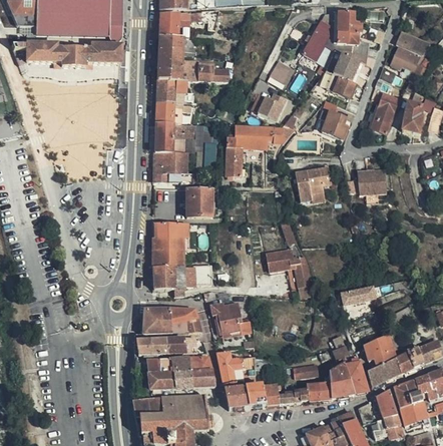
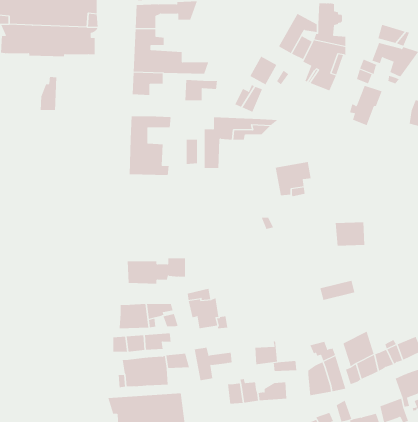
building: none -> [40,76,57,111]
building: [322,100,349,140] -> none
building: [154,101,187,122] -> [184,79,218,101]
building: [403,103,424,132] -> none
building: [360,167,390,191] -> [335,222,365,246]
building: [184,187,209,214] -> none
building: [150,219,180,266] -> none
building: [270,252,311,285] -> none
building: [190,371,214,388] -> none
building: [308,378,331,402] -> [255,340,278,365]
building: [223,380,252,409] -> none
building: [394,382,422,409] -> none
building: [375,391,397,420] -> none

